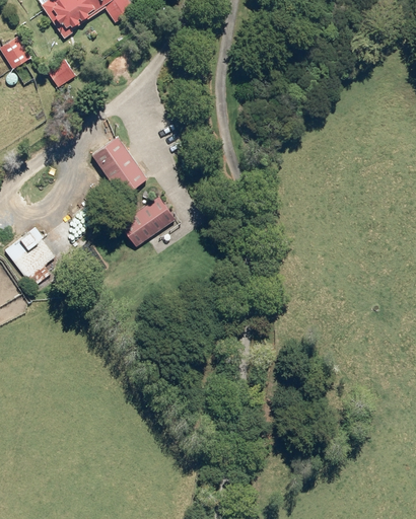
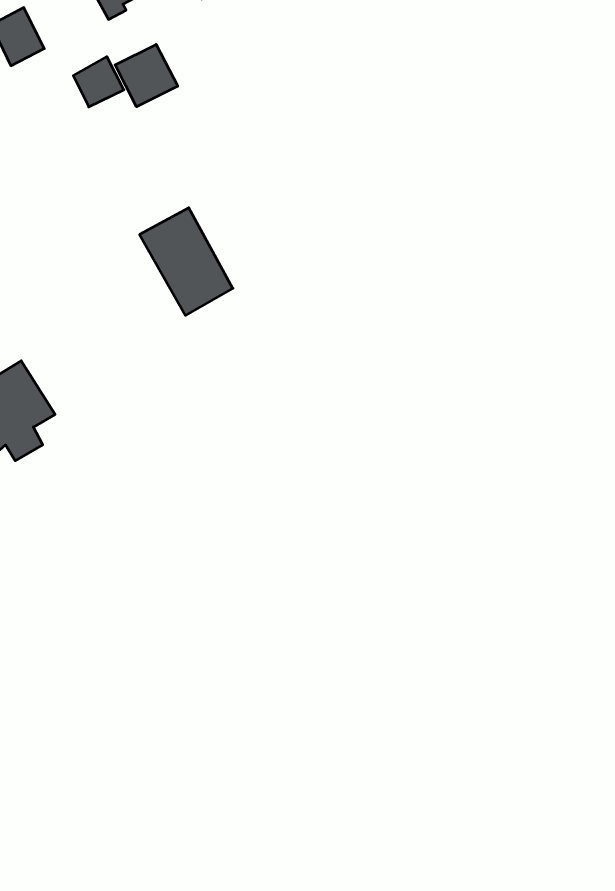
building: none -> [115,44,178,107]
building: [120,197,174,245] -> none

